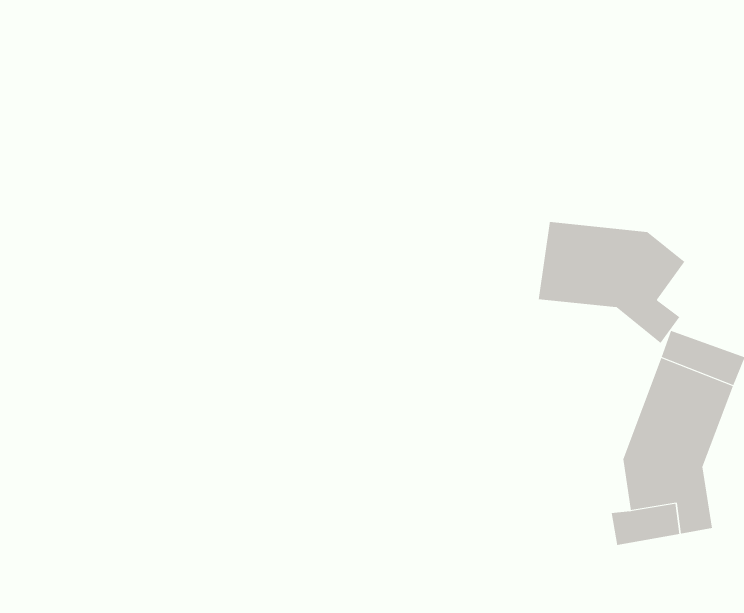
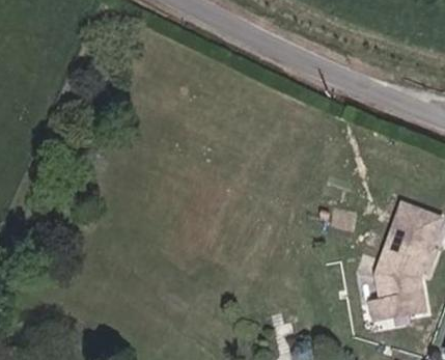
building: [538,221,685,344] -> none

